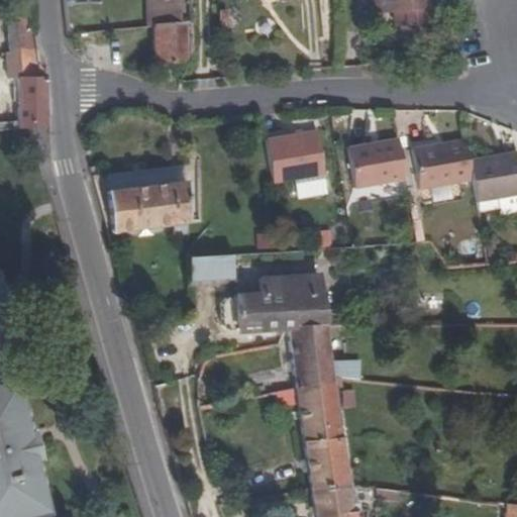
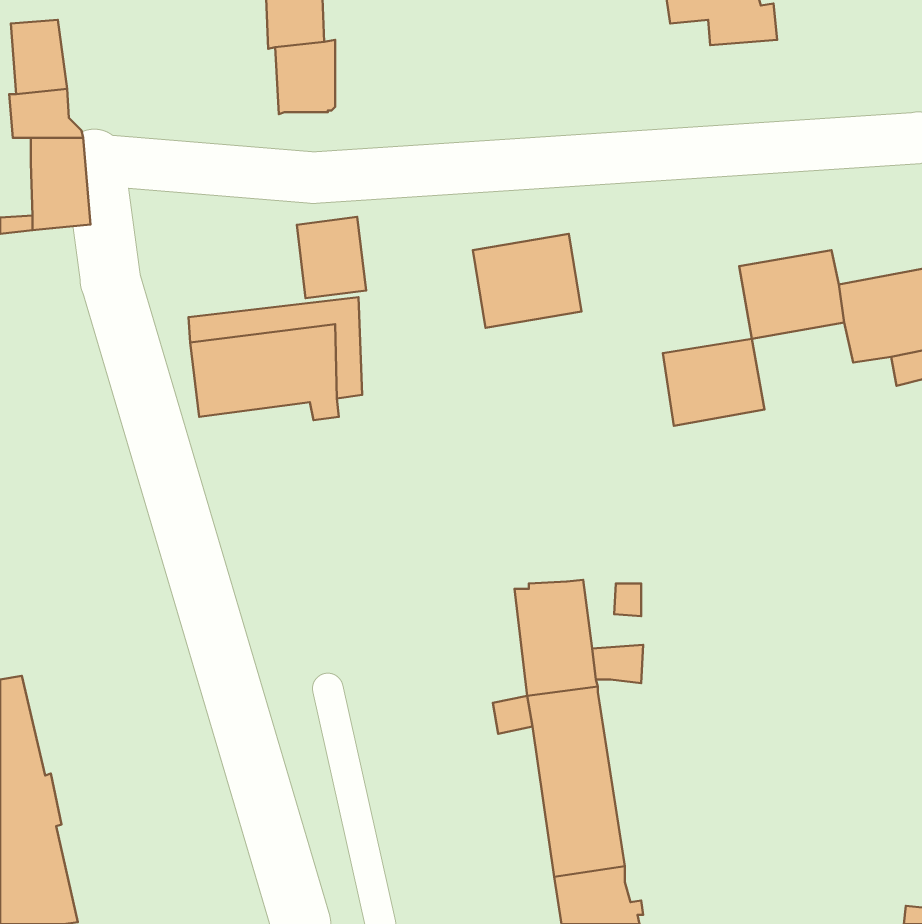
building: none -> [297,217,366,298]
building: [349,139,406,188] -> [663,339,764,426]
building: [189,254,234,286] -> none
building: [222,275,327,330] -> none

